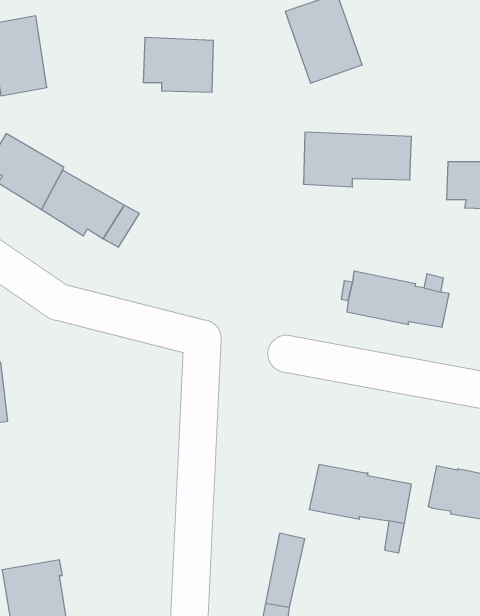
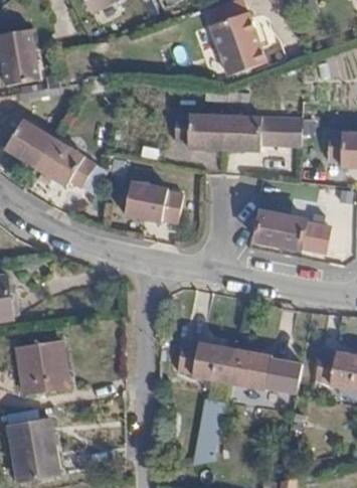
building: [143,38,213,92] -> [175,110,225,149]
building: none -> [125,182,183,222]
building: none -> [16,340,67,395]
building: none -> [177,342,235,382]

